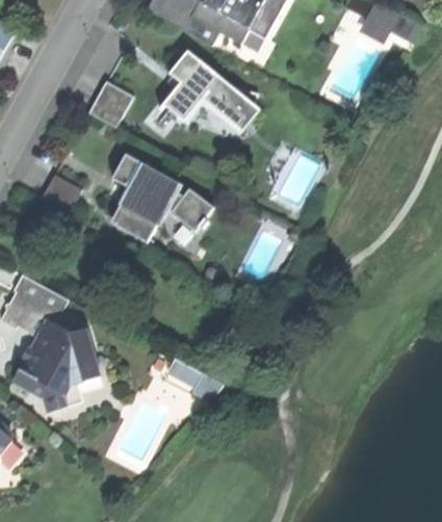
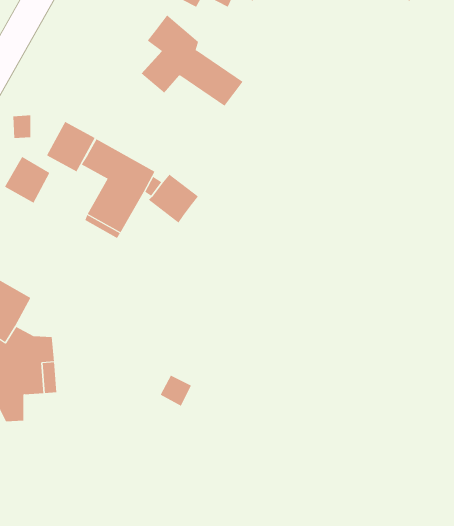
building: [89,81,133,126] -> [46,121,96,172]

